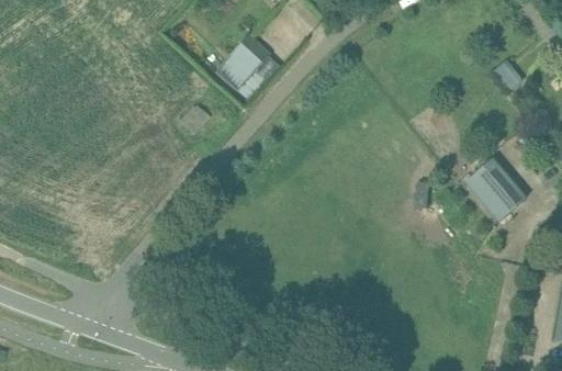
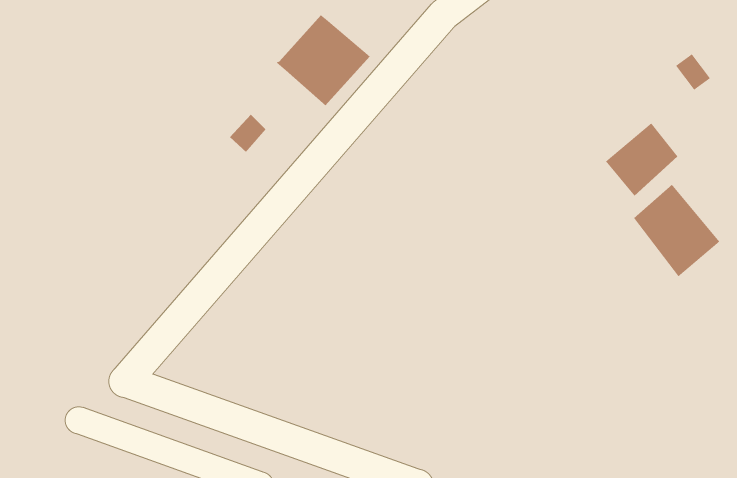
building: none -> [605,123,678,197]

